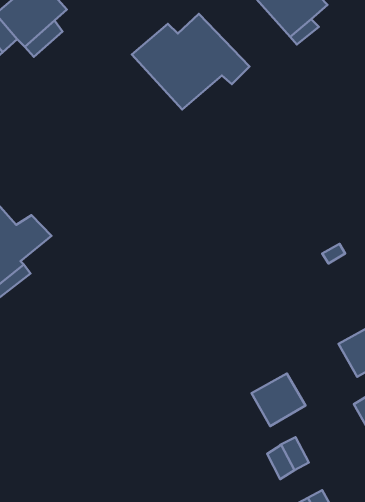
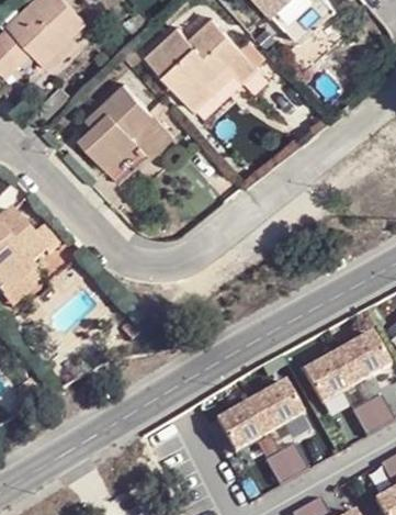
building: none -> [67,77,159,175]
building: none -> [306,349,359,401]
building: none -> [219,399,272,450]

